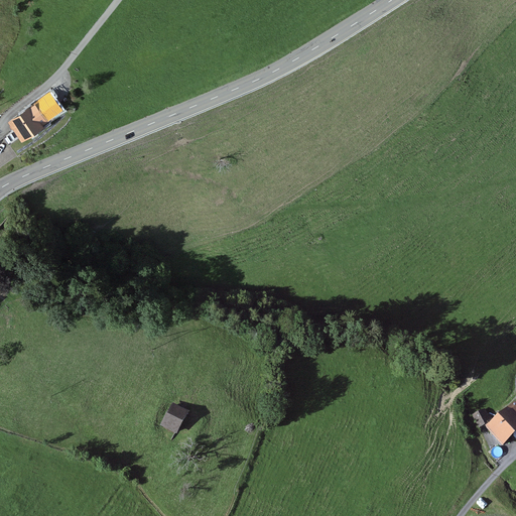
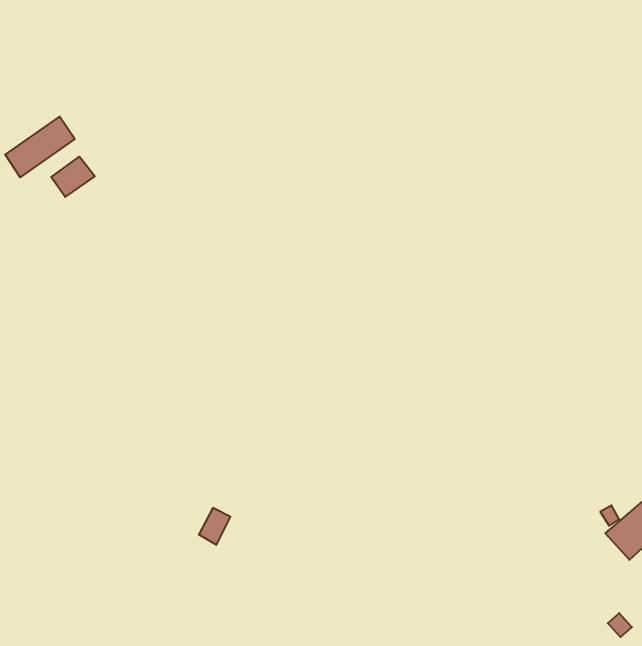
building: none -> [51,157,95,197]

